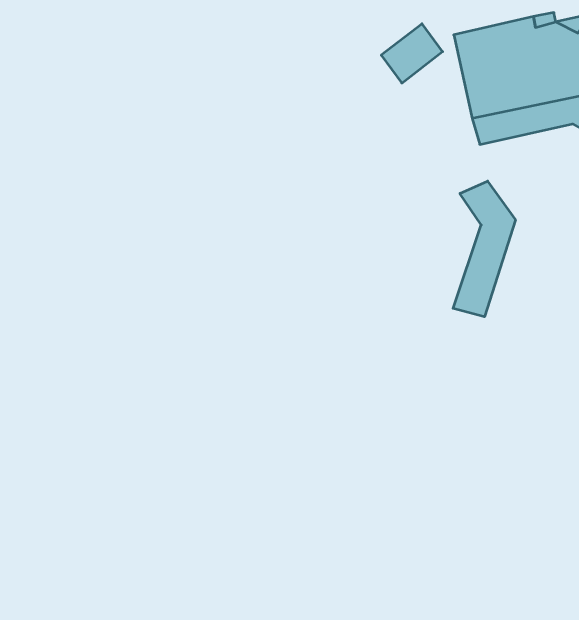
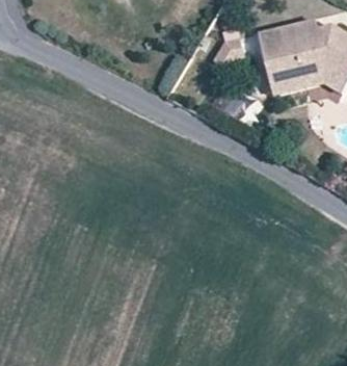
building: [453,181,515,317] -> none

